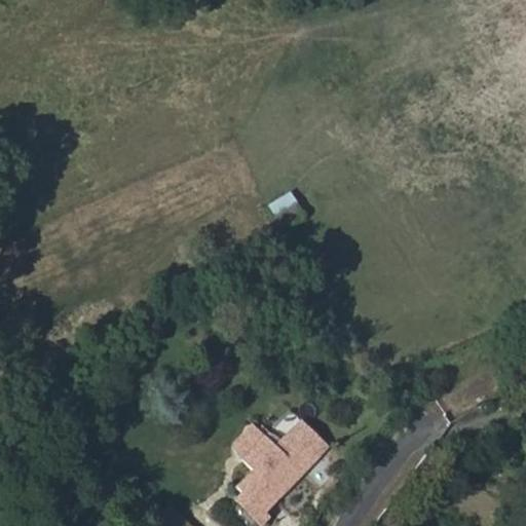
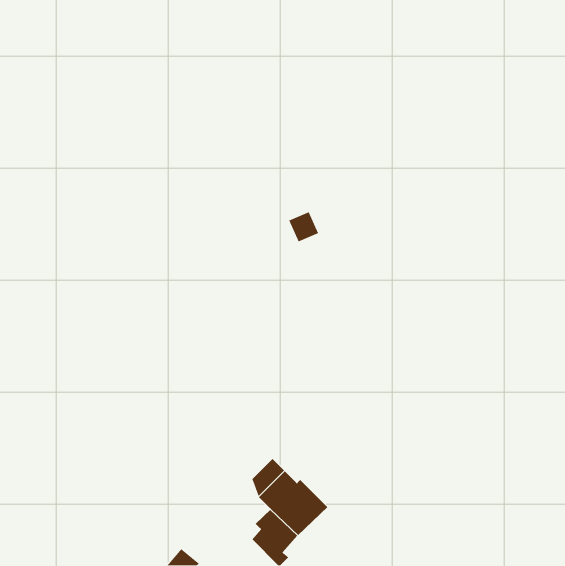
building: [280,418,330,468] -> none

